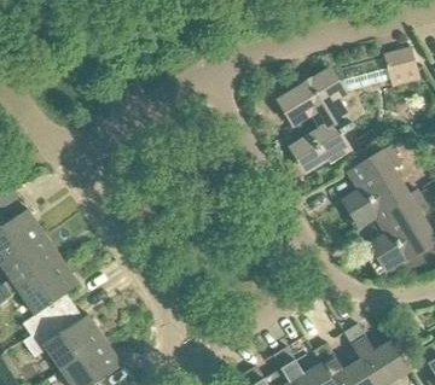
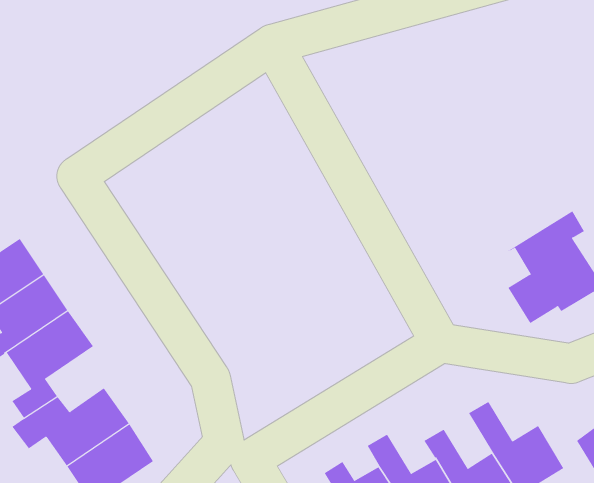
building: [282,46,420,169] -> none
building: [346,145,418,223] -> none

